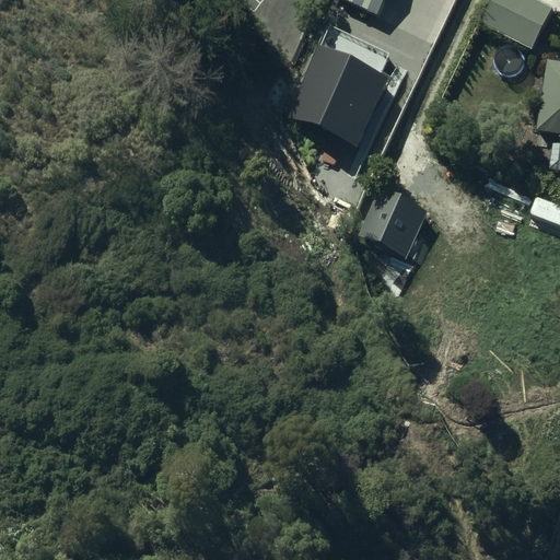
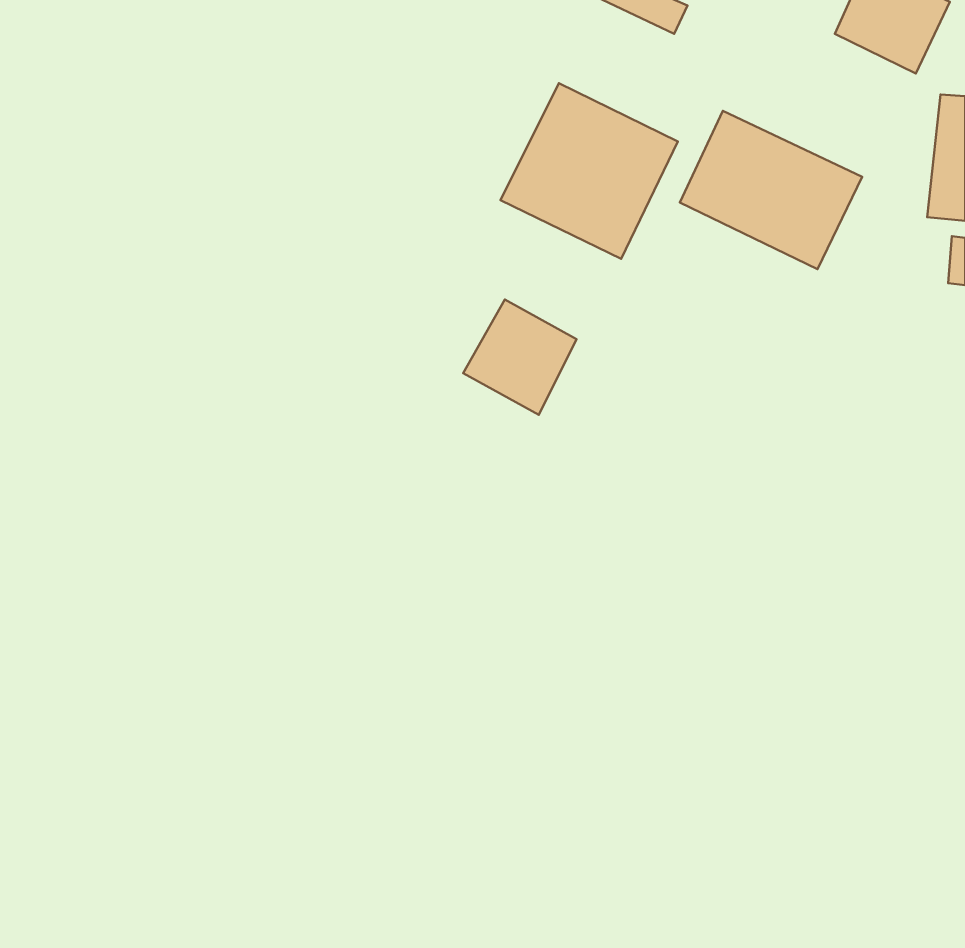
building: none -> [680,111,862,269]
building: [361,185,427,252] -> [463,300,577,415]

